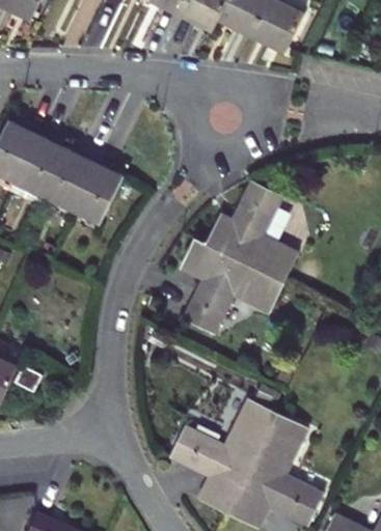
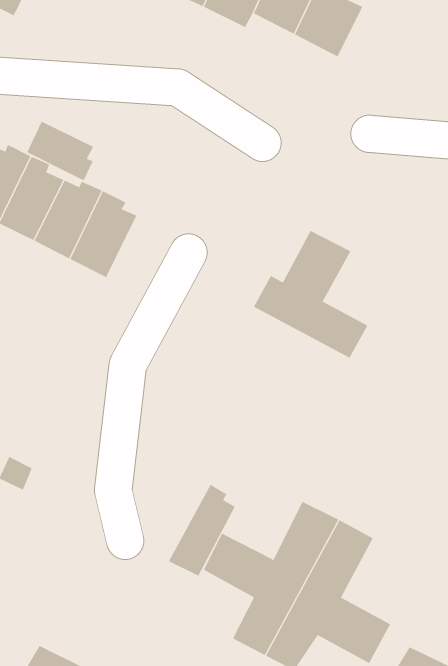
building: none -> [26,121,94,181]
building: [181,240,285,338] -> none
building: none -> [168,484,235,576]

